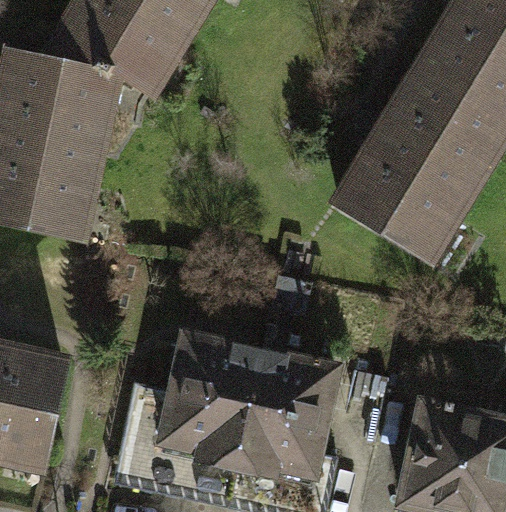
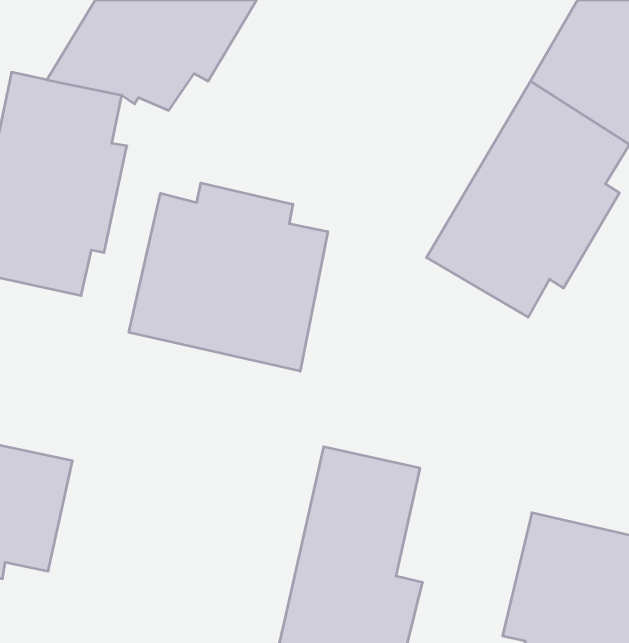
building: none -> [129,183,328,371]
building: [115,335,260,498] -> none

